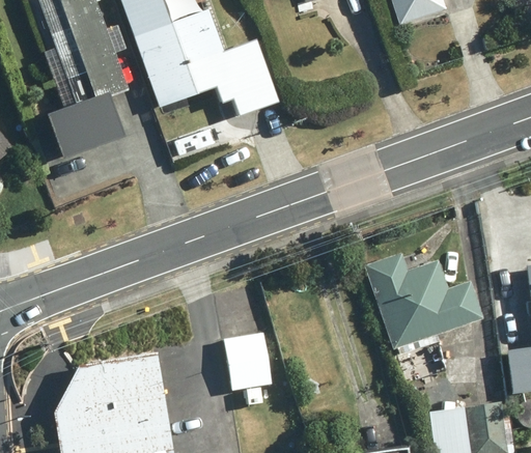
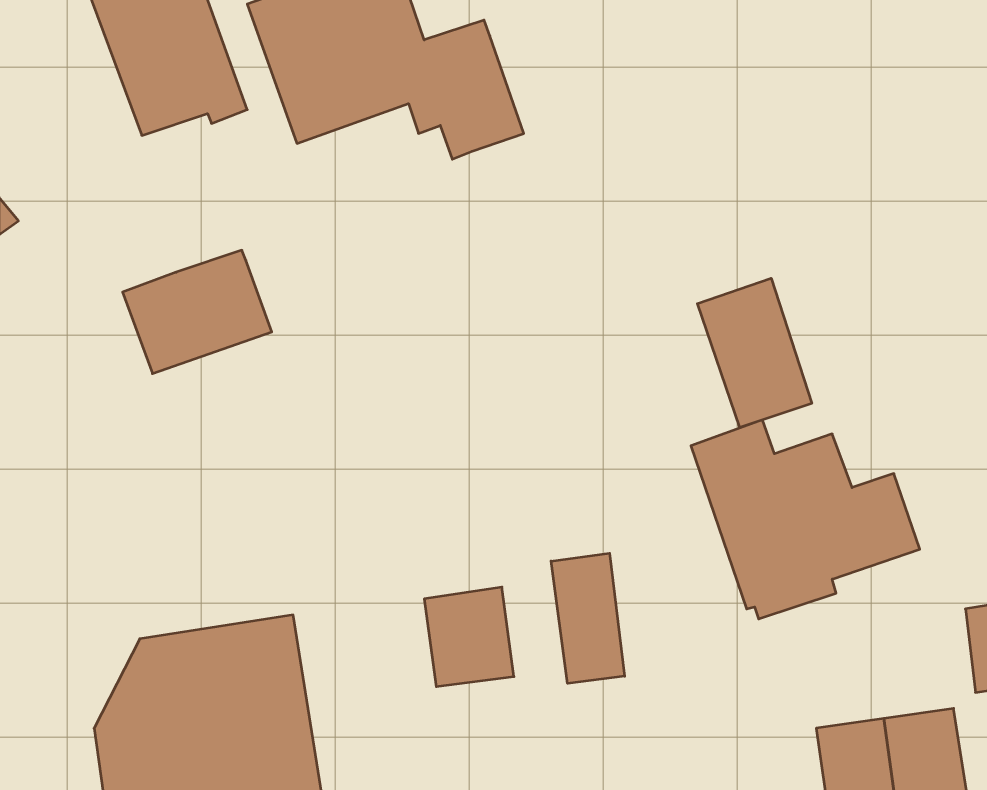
building: [50,91,128,155] -> [123,250,272,374]
building: none -> [697,278,812,428]
building: none -> [551,553,625,683]

